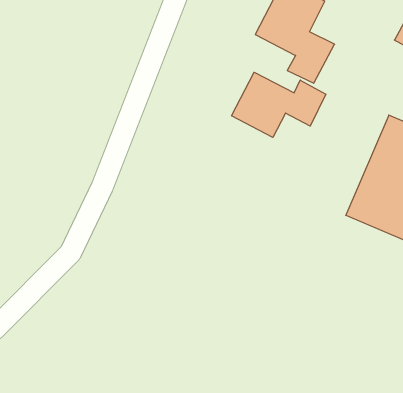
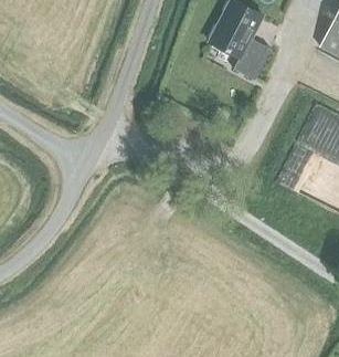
building: [232,72,326,137] -> none

